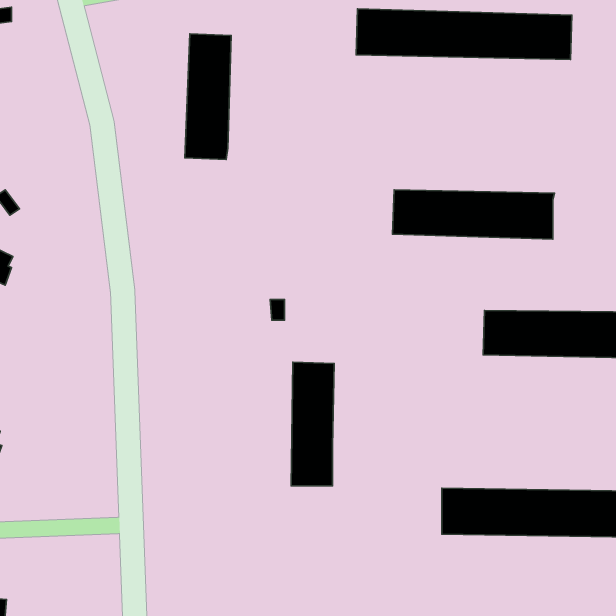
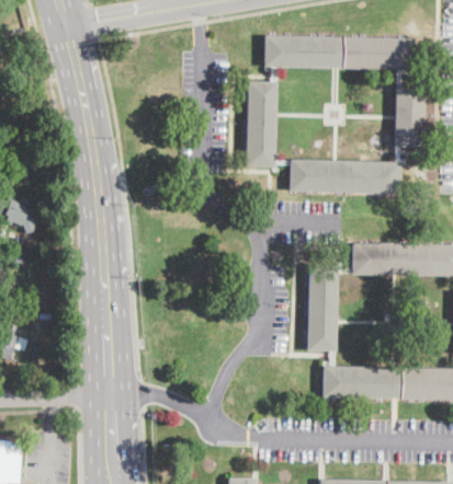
building: [185,34,231,159] -> [246,82,278,169]
building: none -> [395,87,424,149]
building: [291,362,334,486] -> [308,266,338,352]

